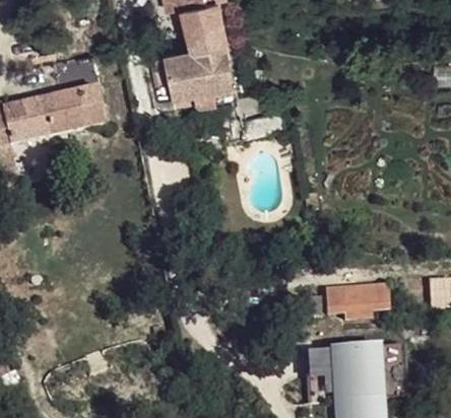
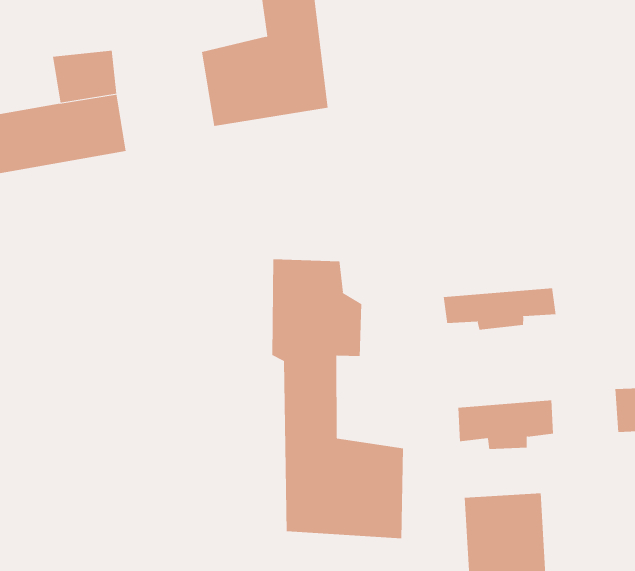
building: none -> [272,258,403,539]
building: none -> [443,288,556,331]

